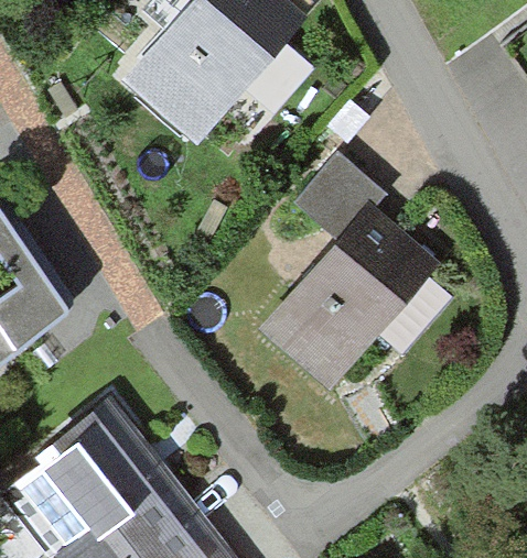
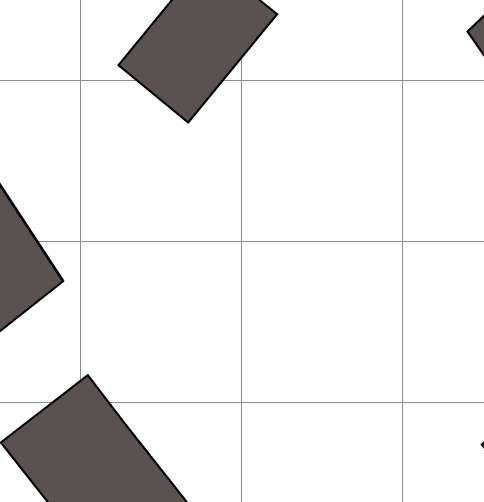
building: [266,143,441,385] -> none

